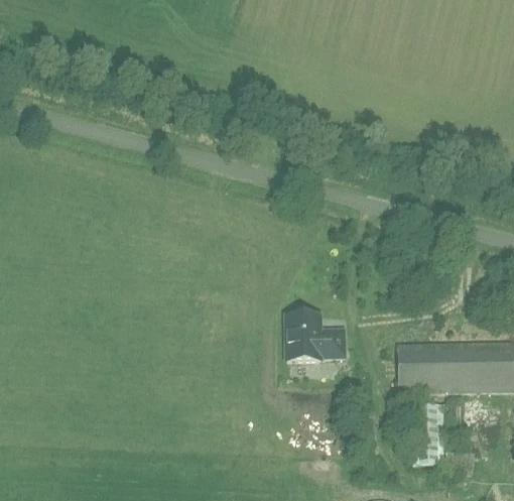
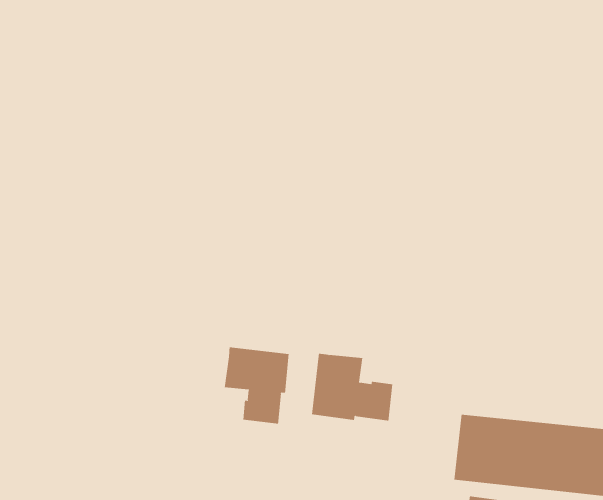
building: none -> [224,347,289,425]

